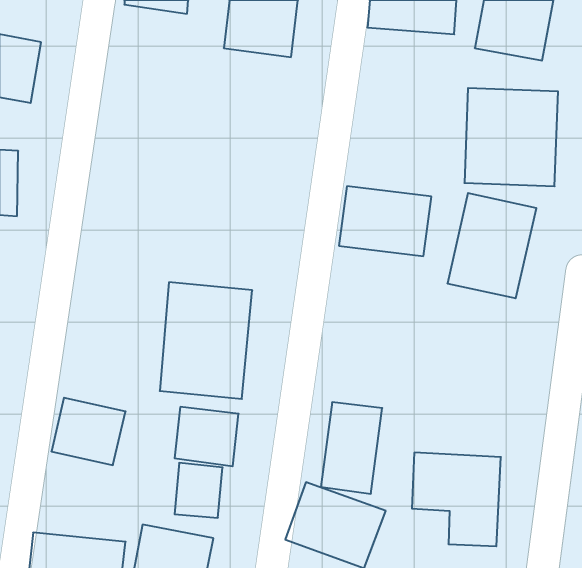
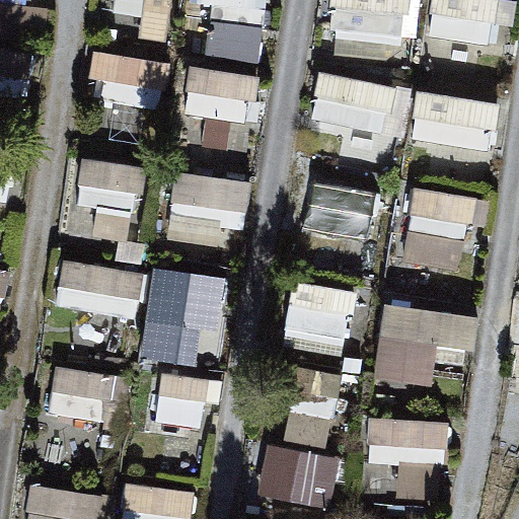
building: none -> [93,51,168,113]
building: none -> [182,60,261,122]
building: none -> [308,69,393,159]
building: none -> [73,157,145,222]
building: none -> [169,172,245,235]
building: none -> [56,264,138,322]
building: none -> [281,278,357,352]
building: none -> [375,303,478,383]

